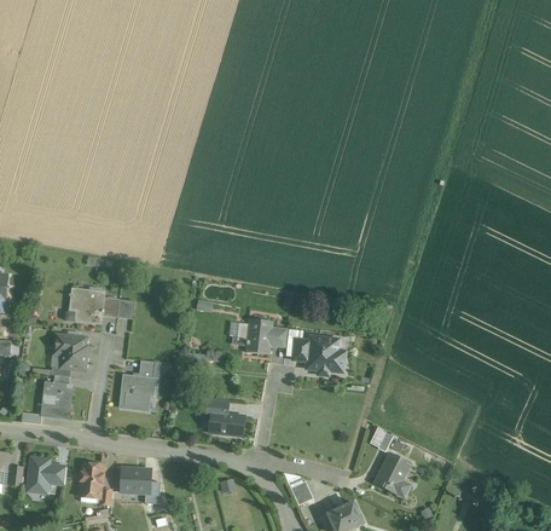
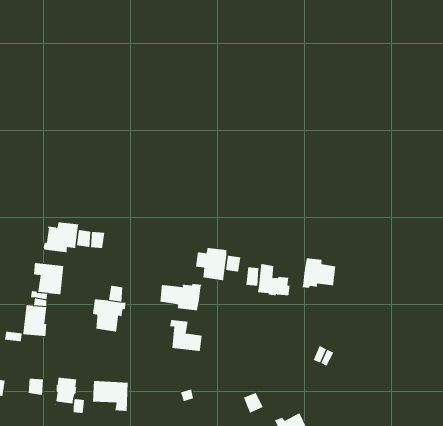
building: none -> [302,258,336,289]
building: none -> [160,283,202,311]
building: [375,454,410,496] -> none
building: [27,457,50,492] -> none

